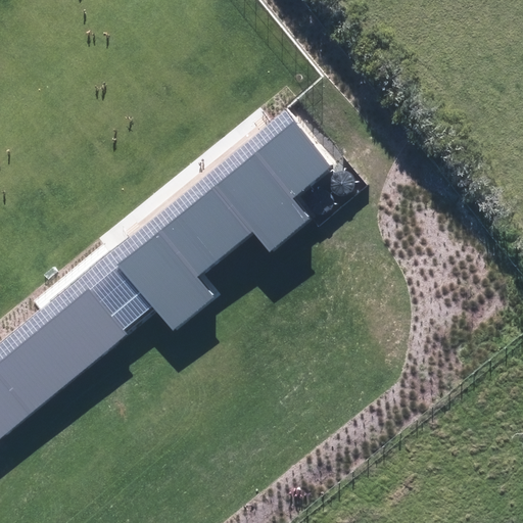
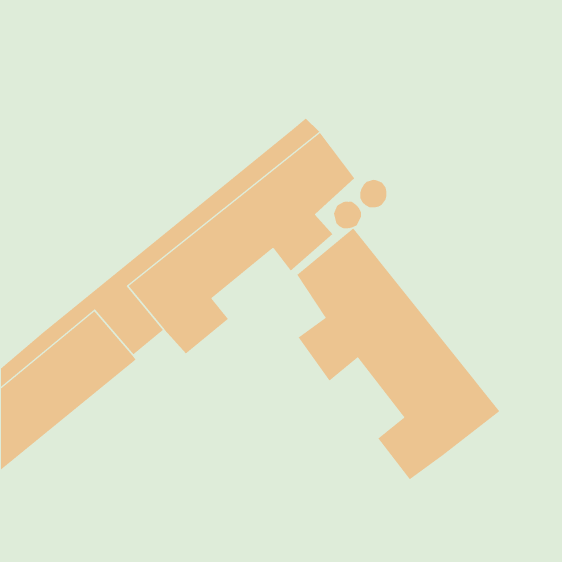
building: none -> [297,228,500,480]

